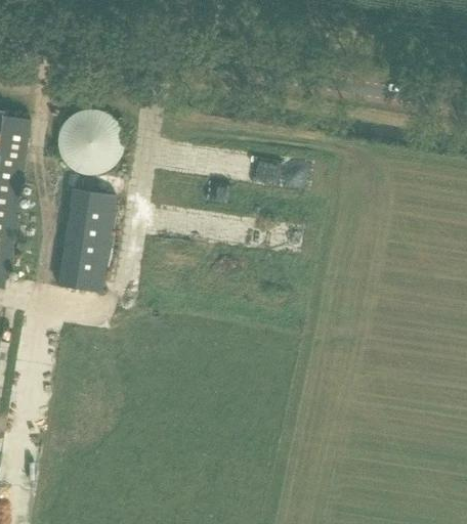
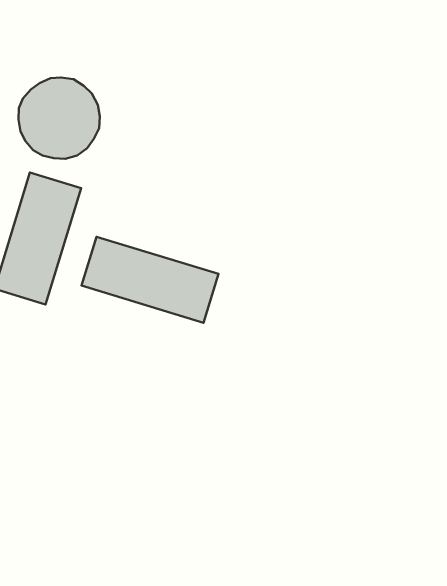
building: none -> [81,237,219,323]

